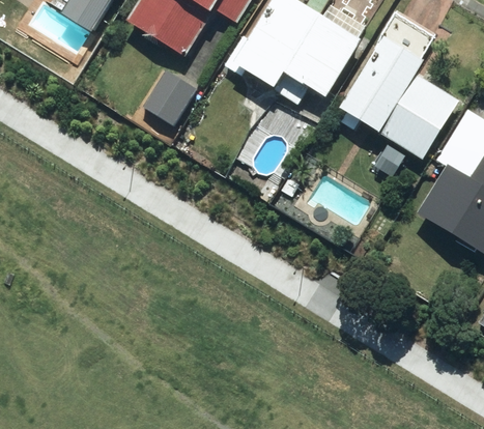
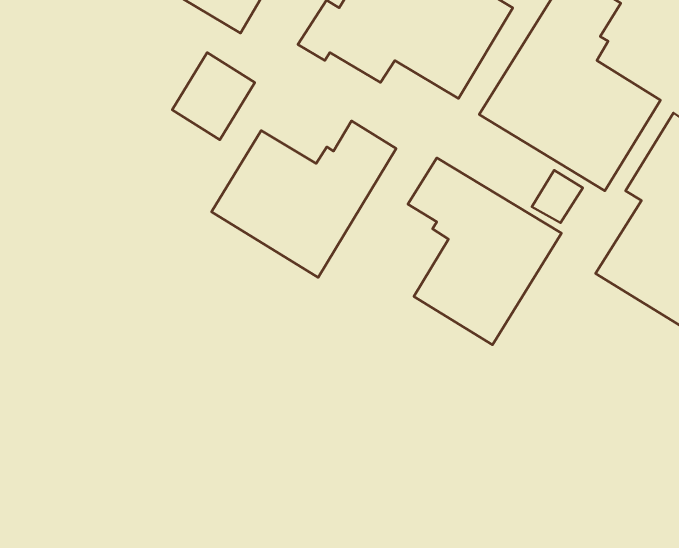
building: none -> [212,121,396,278]
building: none -> [408,158,561,345]

